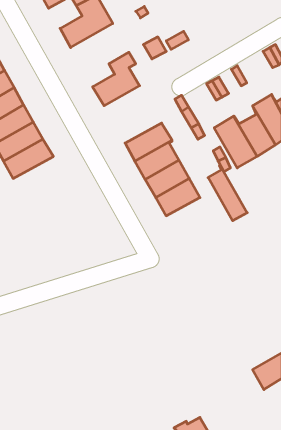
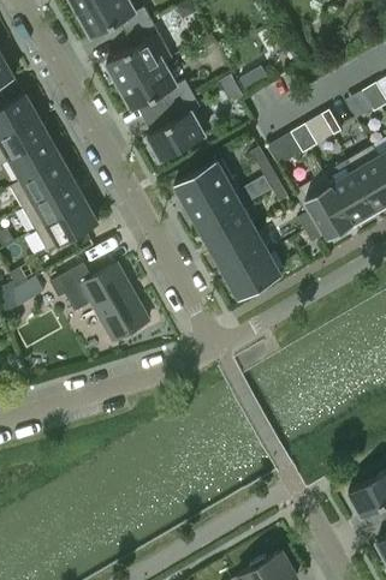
building: none -> [119,58,192,110]
building: none -> [174,159,233,208]
building: [208,165,247,221] -> none
building: none -> [51,264,149,341]

